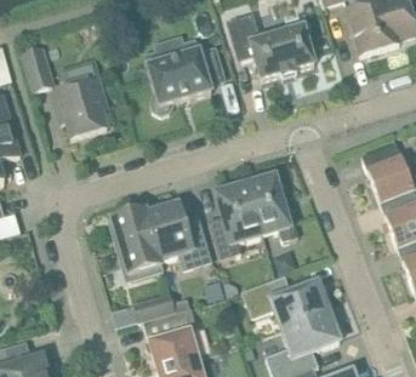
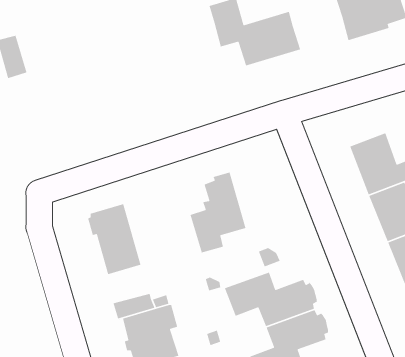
building: [148,46,224,113] -> none
building: [52,78,108,136] -> none
building: [247,173,300,240] -> none
building: [146,201,211,268] -> none

